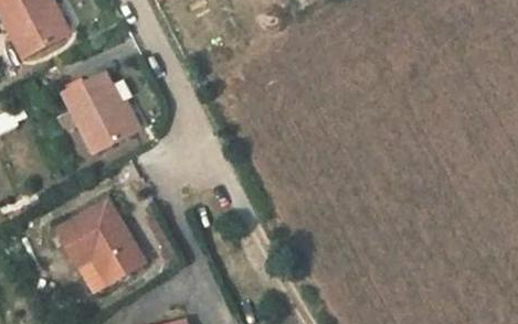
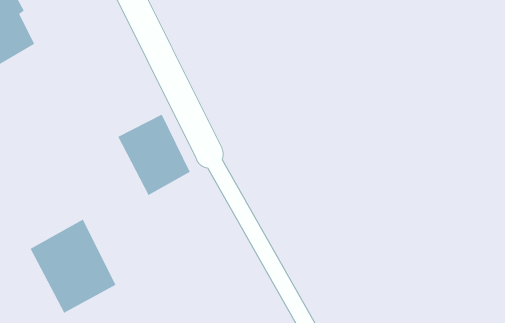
building: [59,87,129,166] -> [117,114,191,196]

